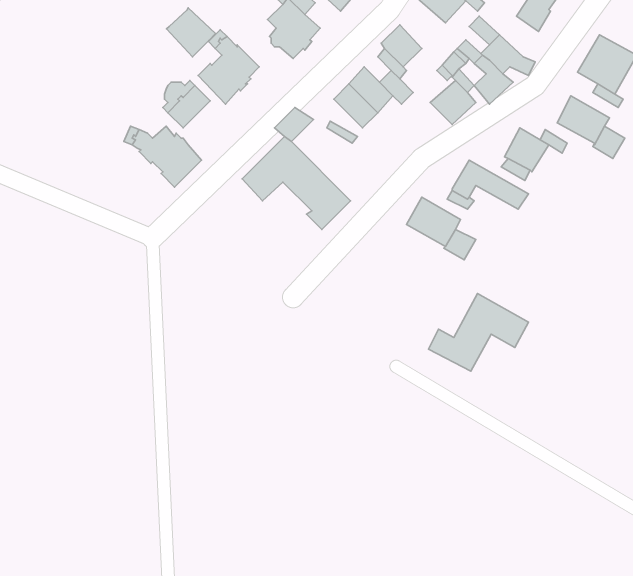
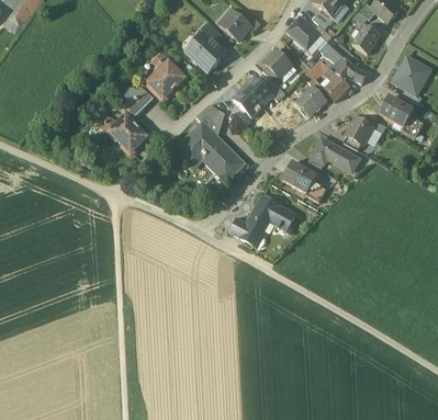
building: [166,8,215,57] -> none
building: [428,293,528,371] -> [229,195,294,246]

